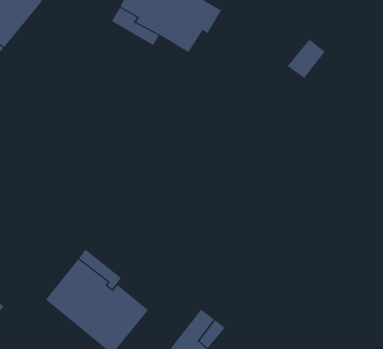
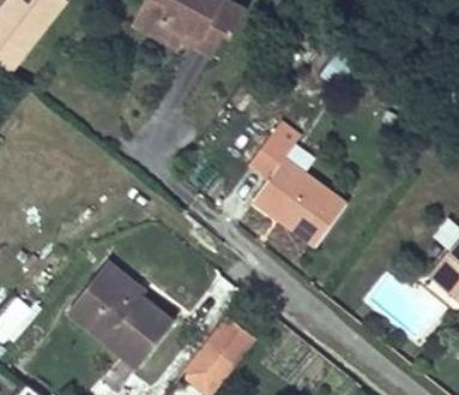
building: none -> [252,122,349,249]

